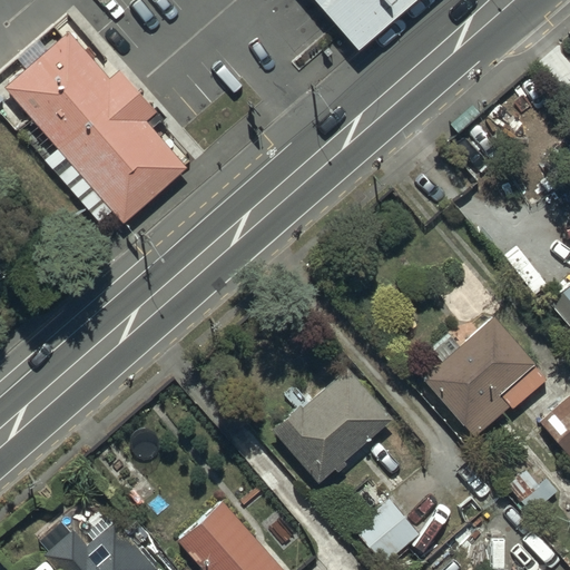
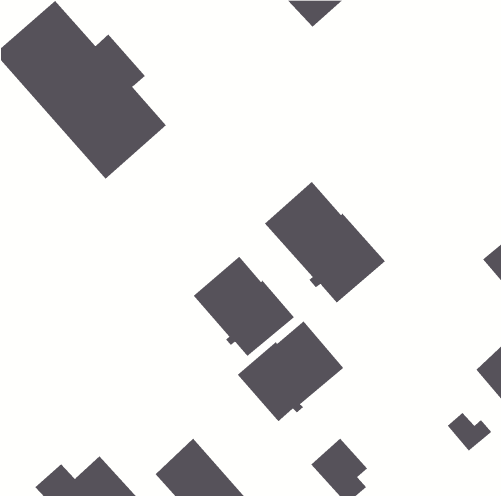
building: none -> [264,181,386,303]
building: none -> [193,256,295,357]
building: [421,318,549,442] -> none

